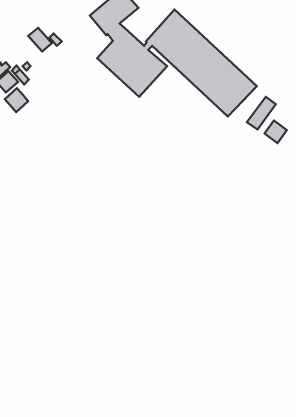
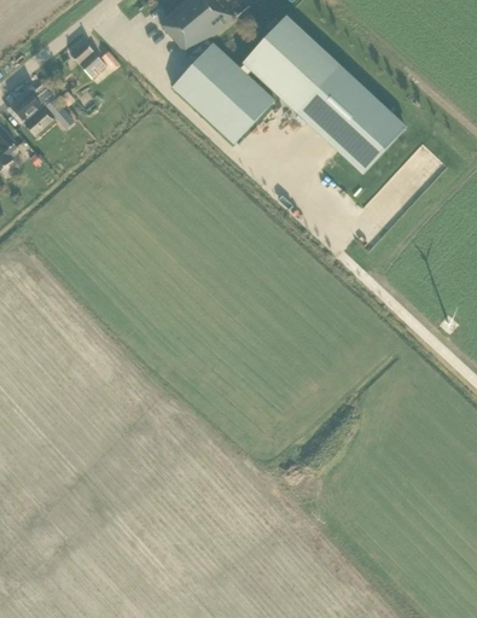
building: [5,88,28,112] -> none
building: [265,121,287,143] -> none

